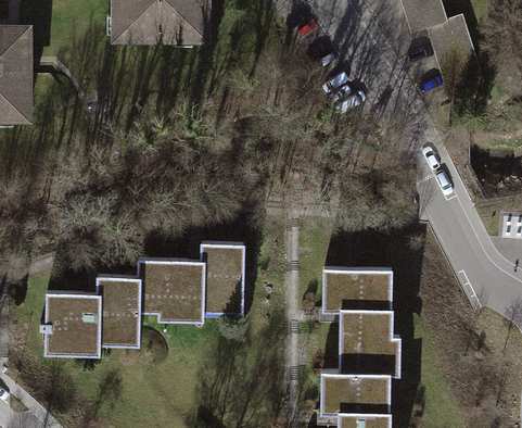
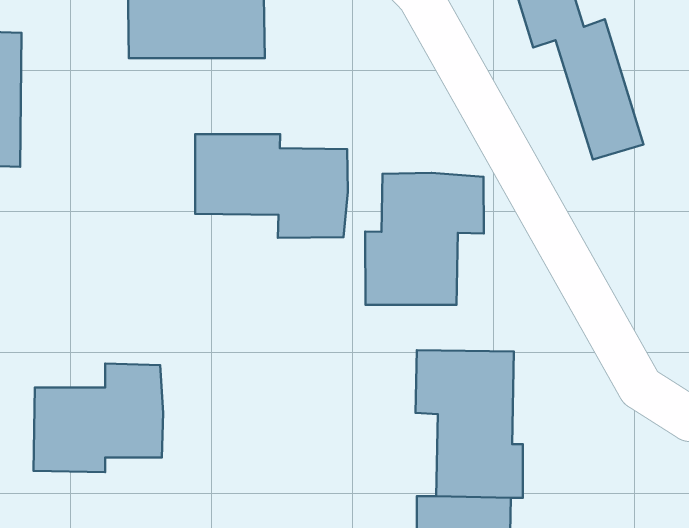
building: none -> [195,134,348,238]
building: none -> [365,173,484,305]
building: [136,239,243,316] -> none

